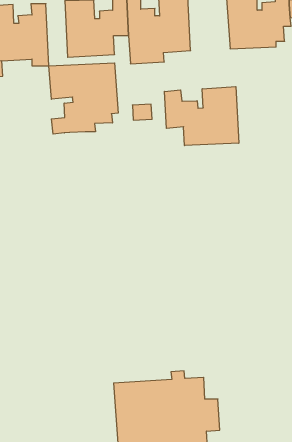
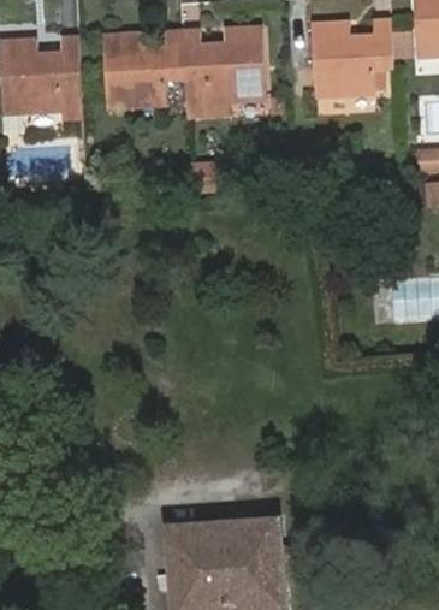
building: [49,63,118,134] -> none
building: [164,87,239,146] -> none

